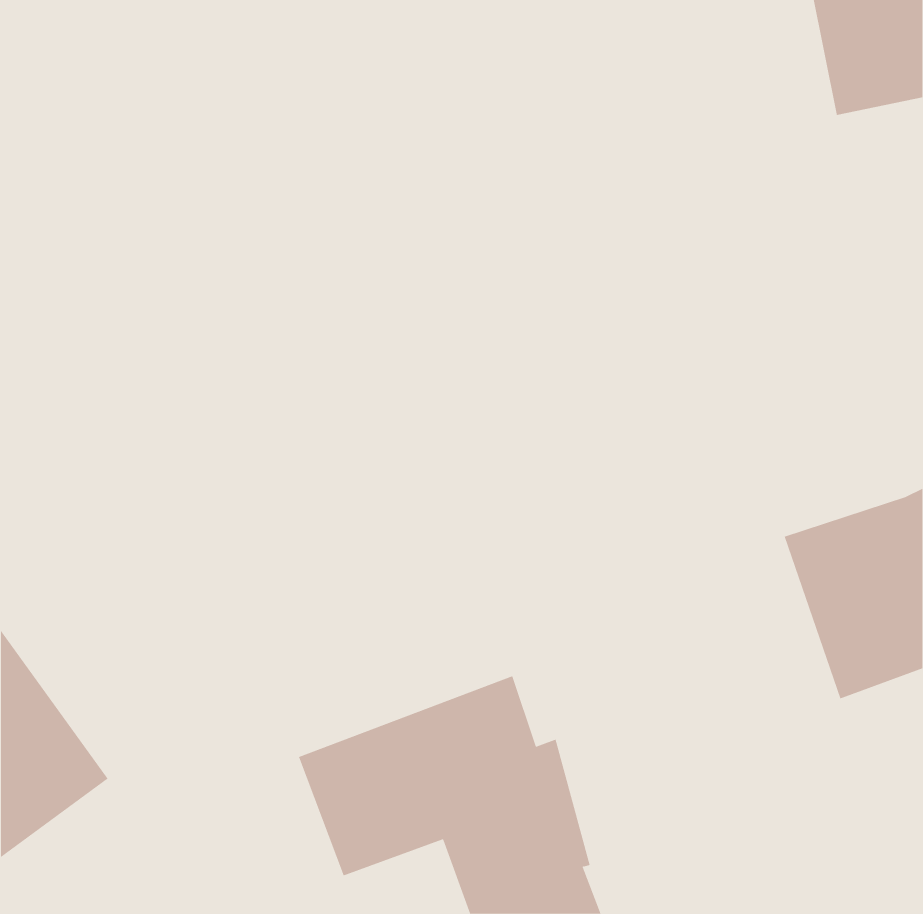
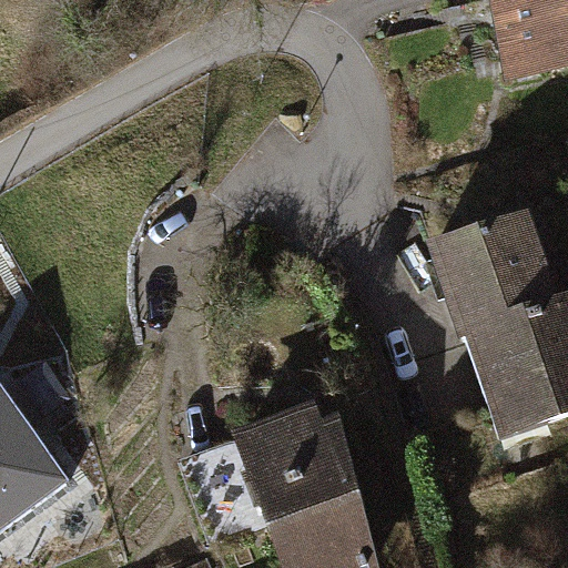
building: none -> [435,216,556,336]

